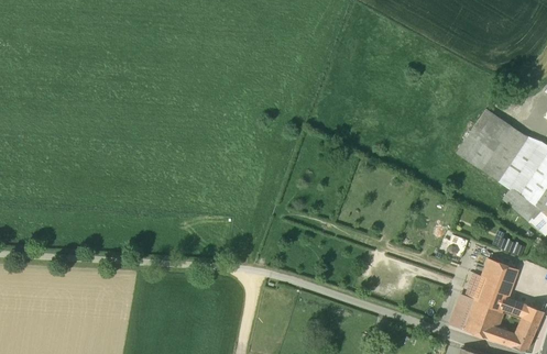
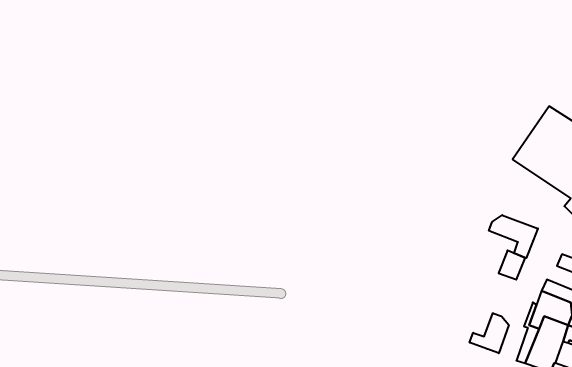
building: none -> [489,215,538,258]
building: none -> [470,313,509,353]

